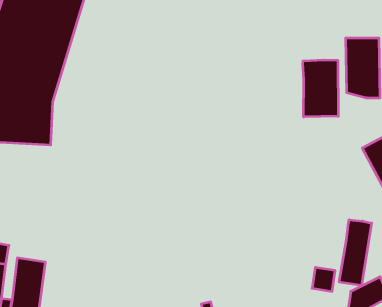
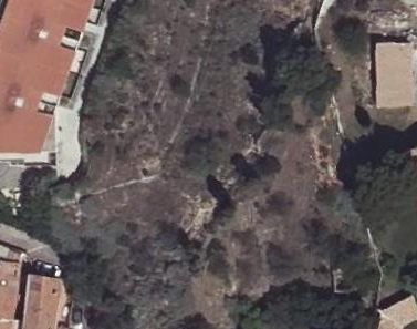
building: [303,60,338,117] -> none
building: [339,220,372,285] -> none

